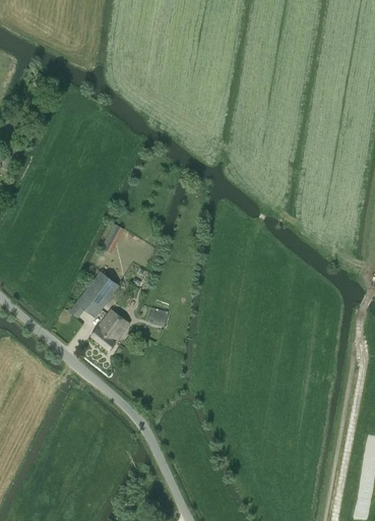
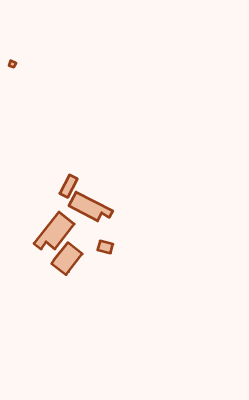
building: none -> [69,192,113,221]

